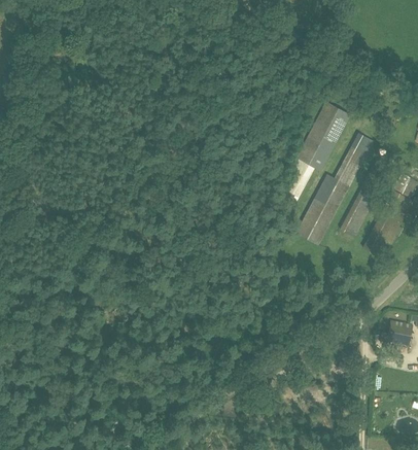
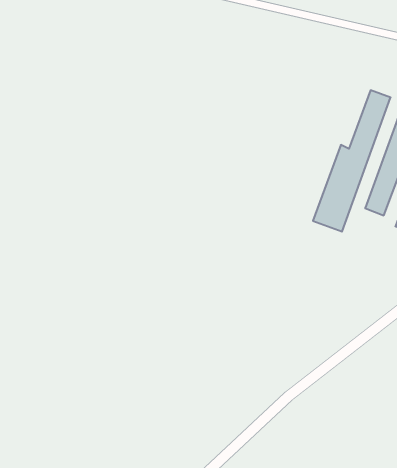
building: [295,101,349,170] -> none

